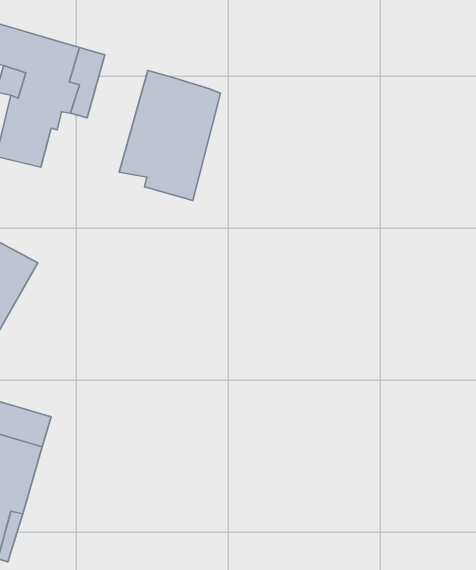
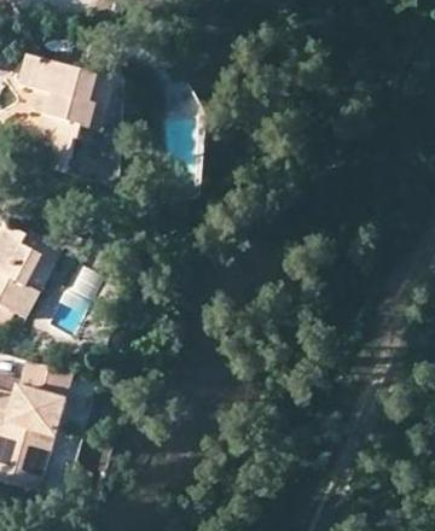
building: [119,71,221,201] -> none

